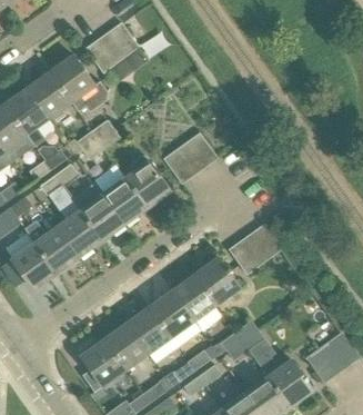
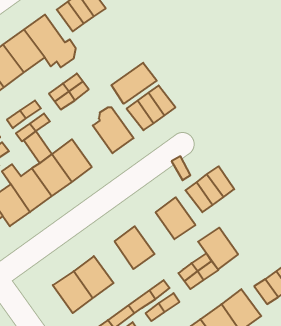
building: none -> [111,63,157,104]
building: [102,177,148,224] -> none
building: [172,274,216,320] -> [198,228,238,270]
building: [127,306,171,353] -> none

